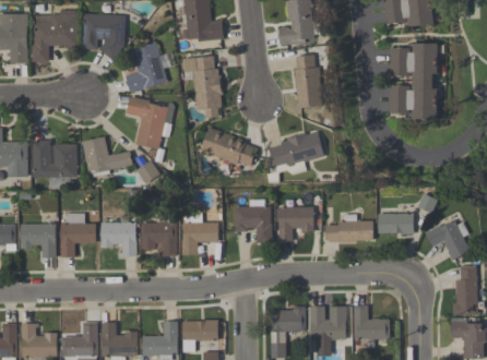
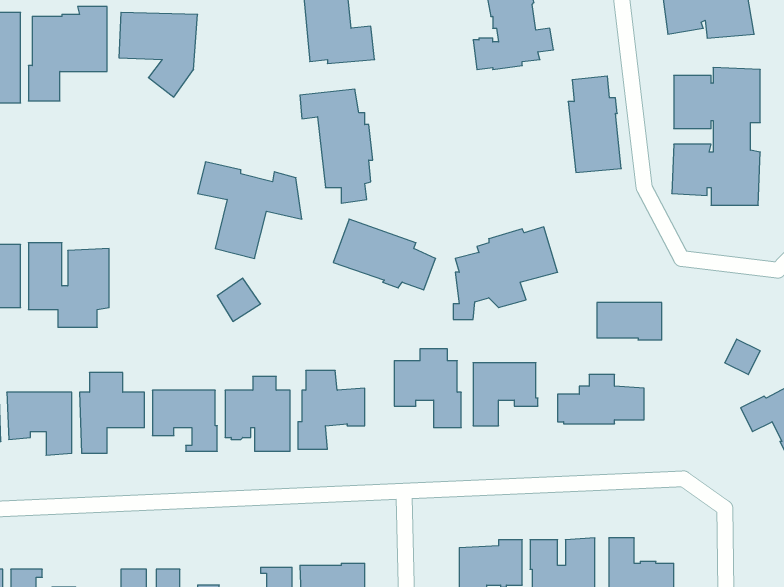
building: [126,41,167,93] -> none
building: [294,56,323,109] -> [568,76,621,172]
building: [82,137,133,178] -> none
building: [378,214,414,235] -> [597,303,662,340]

